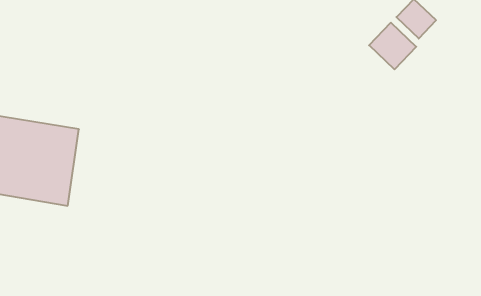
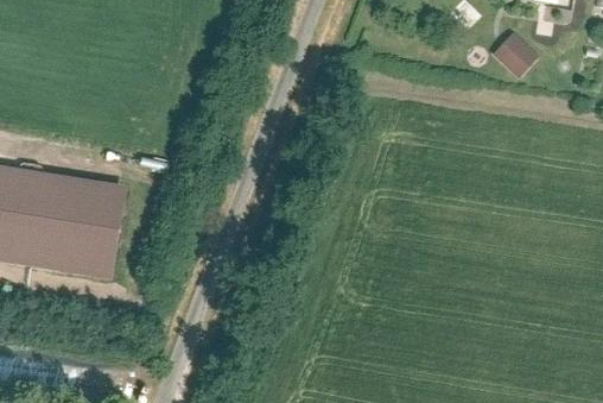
building: [369,23,416,69] -> none

